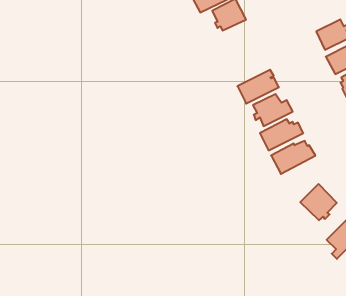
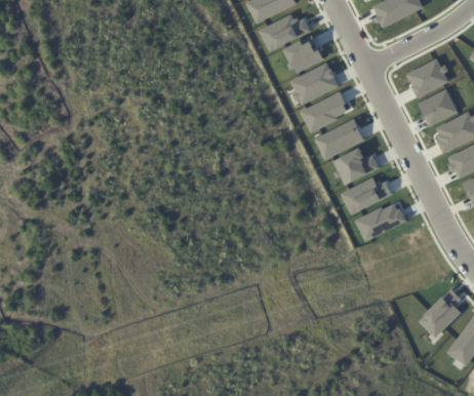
building: none -> [290,63,339,105]
building: none -> [300,91,346,132]
building: [300,184,337,220] -> none

